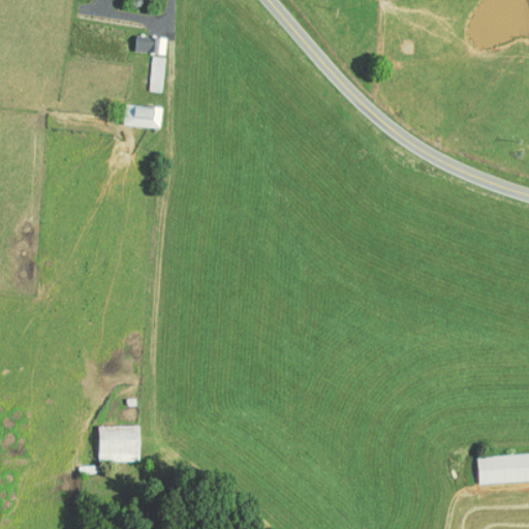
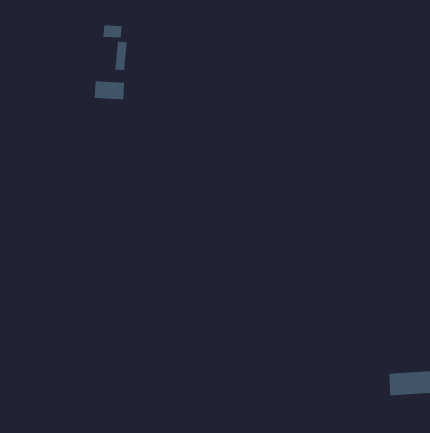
building: [98,427,139,462] -> none

